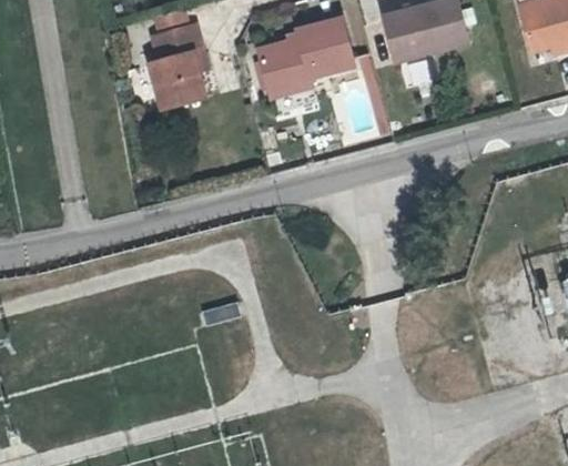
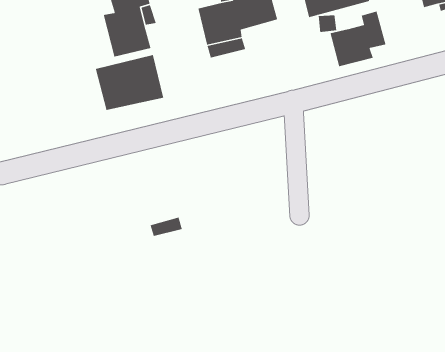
building: none -> [329,11,386,67]
building: none -> [95,54,164,111]

